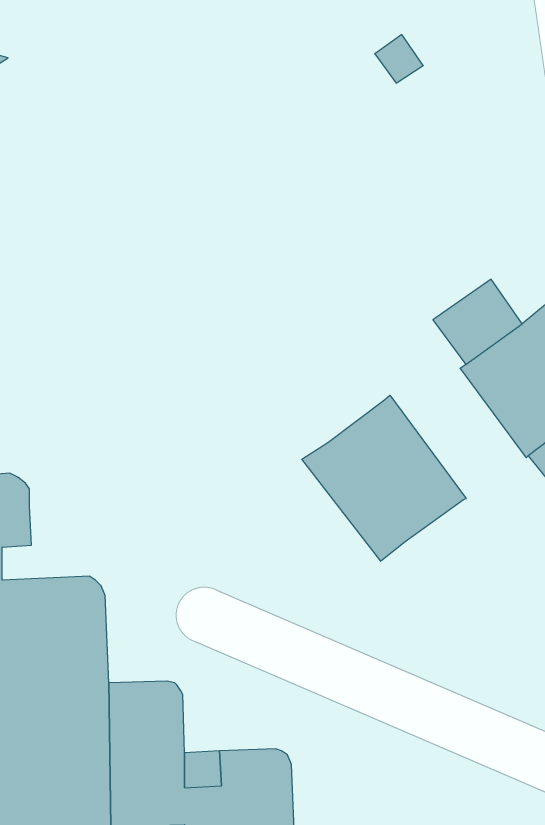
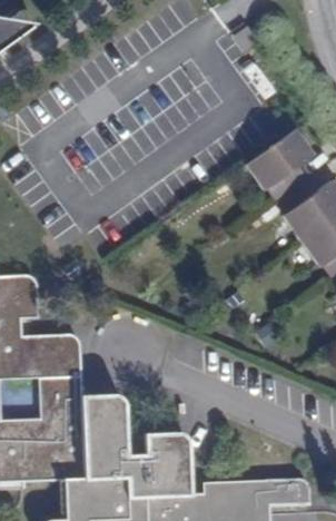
building: none -> [246,127,314,189]
building: [302,395,466,561] -> none

